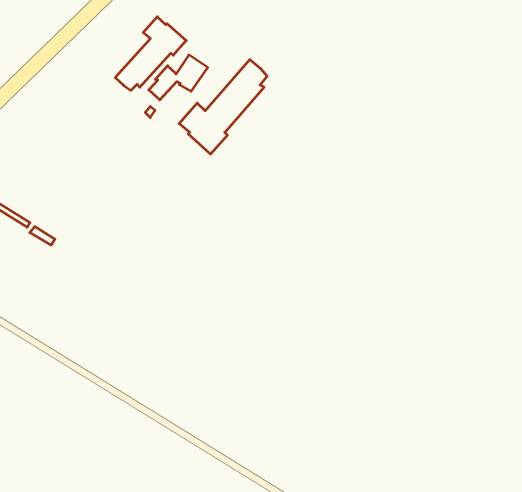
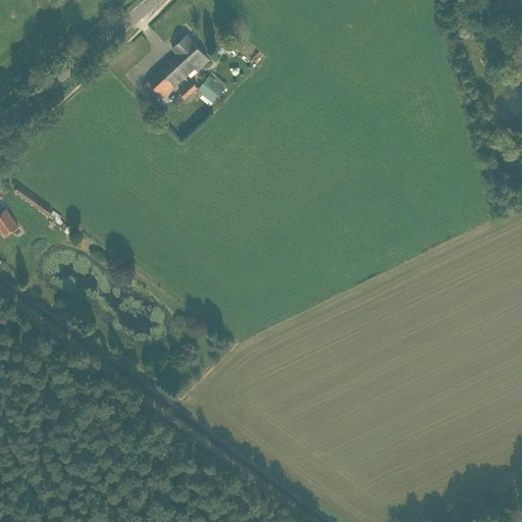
building: [179,60,267,154] -> none

